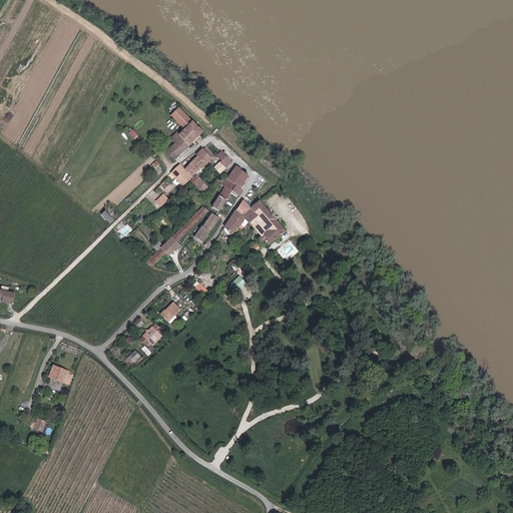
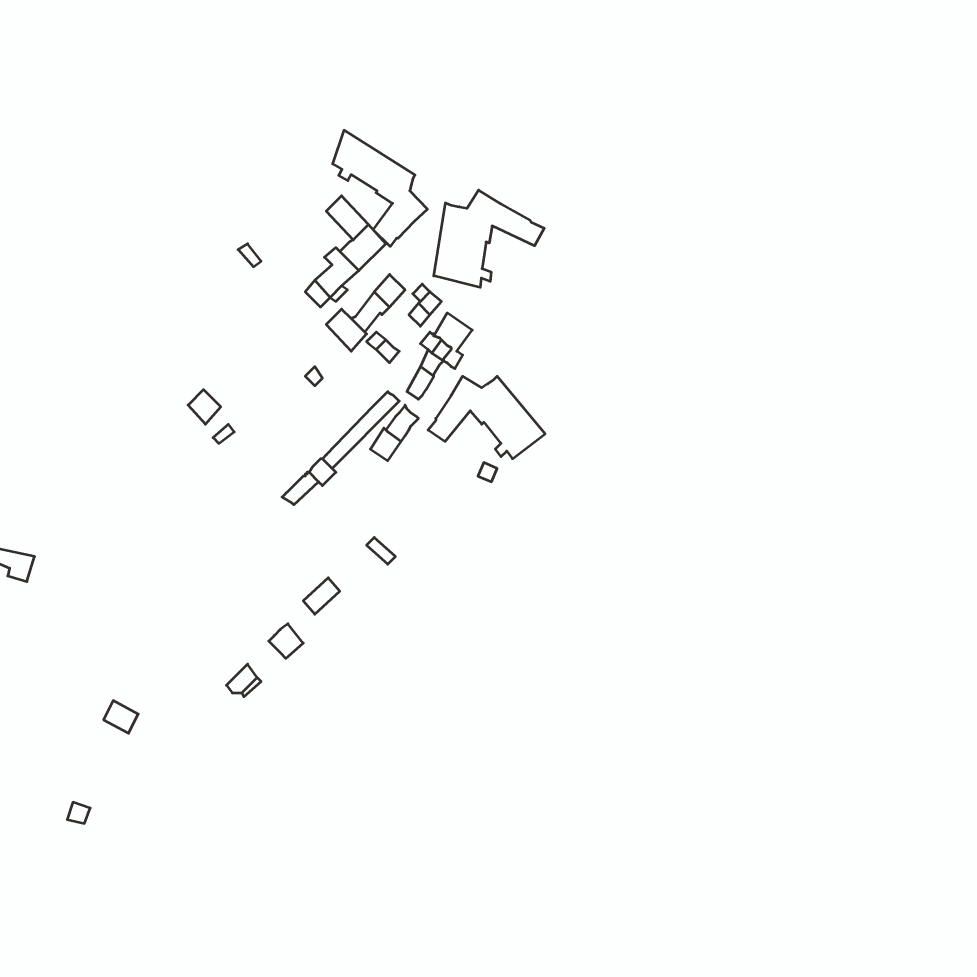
building: none -> [333,130,427,246]
building: none -> [434,190,544,287]

